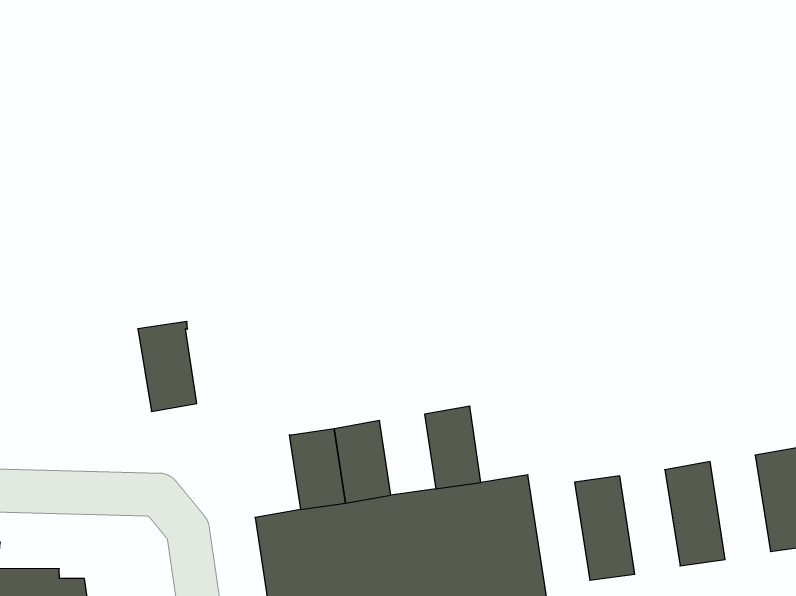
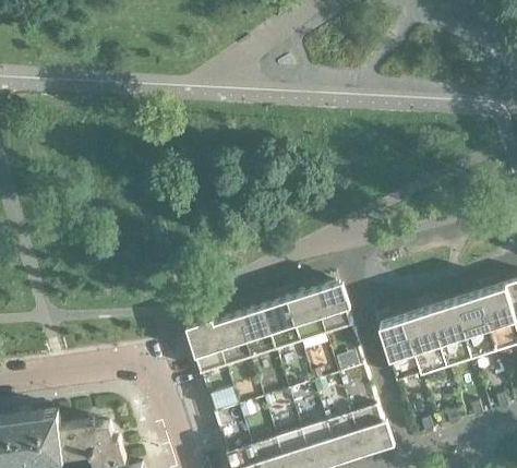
building: [138,321,197,411] -> [184,322,225,376]
building: none -> [312,285,351,336]
building: none -> [262,302,300,351]
building: none -> [454,296,496,358]
building: none -> [404,312,446,374]

